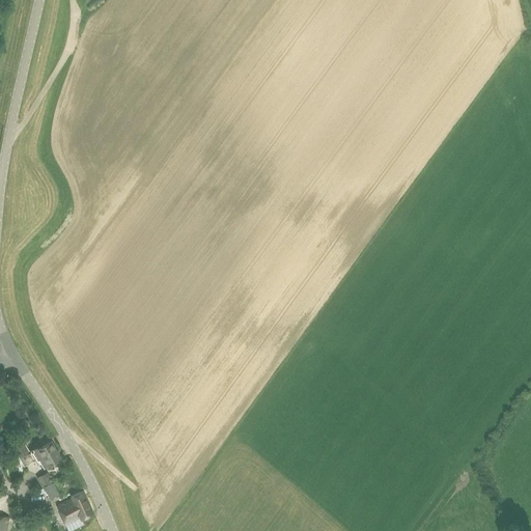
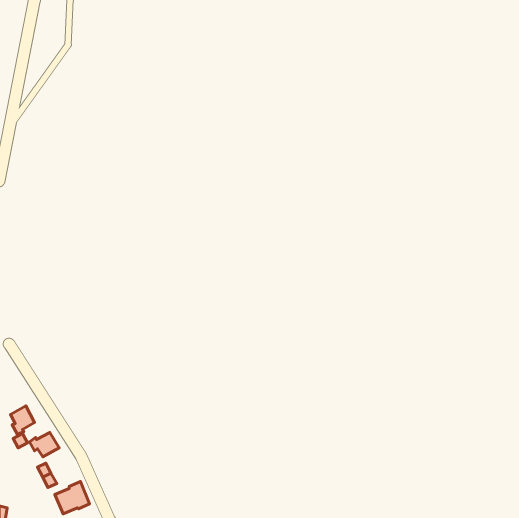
building: none -> [11,406,35,434]

